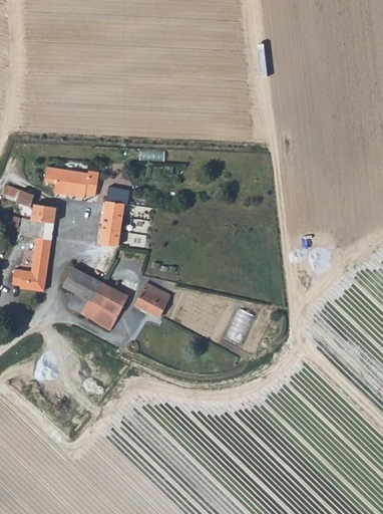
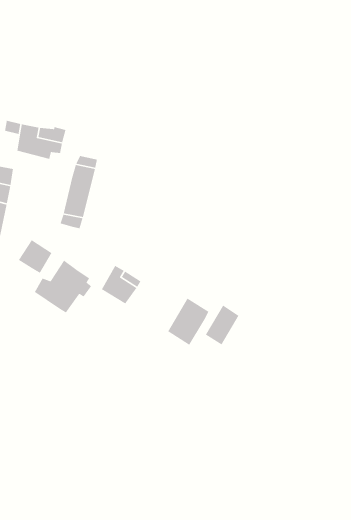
building: [67,277,103,312] -> none
building: none -> [167,297,209,346]

